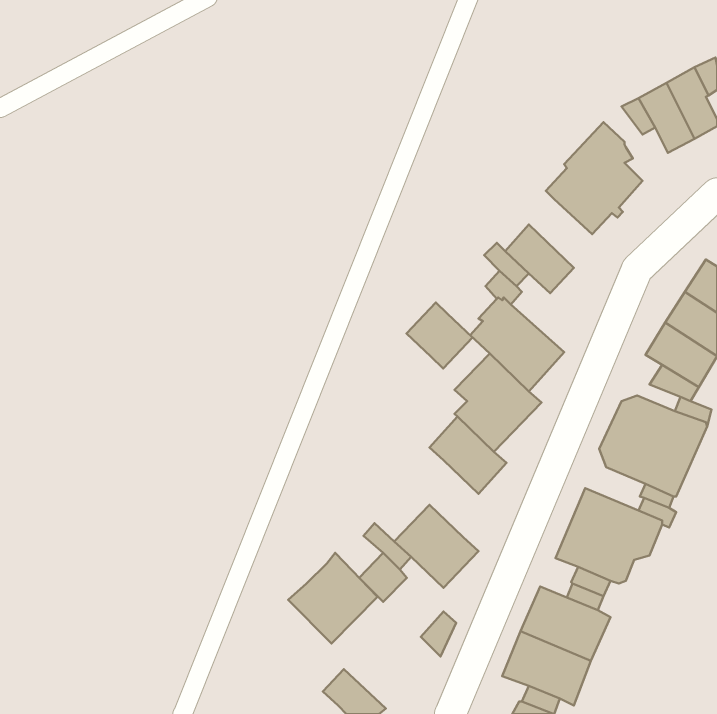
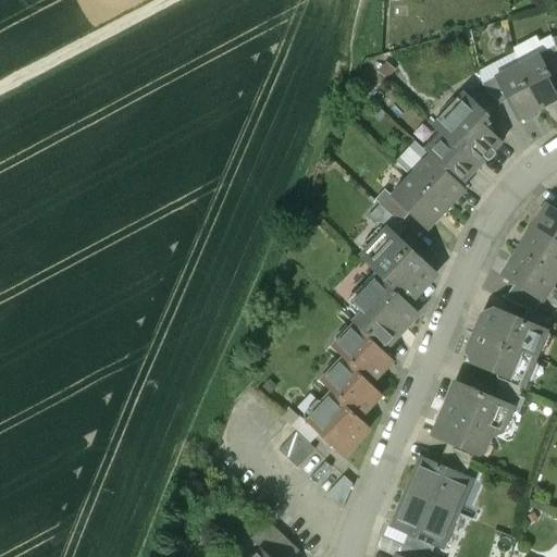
building: none -> [410,154,465,208]
building: [407,302,472,369] -> none
building: none -> [322,357,382,417]
building: [288,553,377,644] -> none

